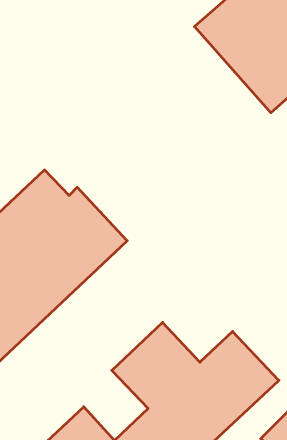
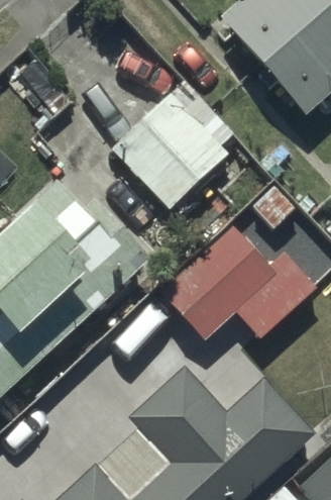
building: none -> [112,100,229,217]
building: none -> [165,224,319,335]

